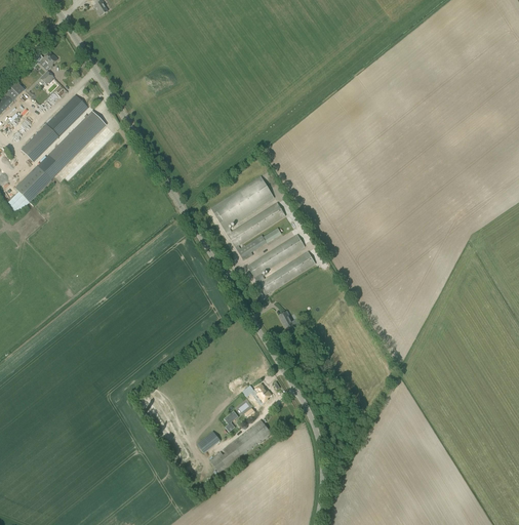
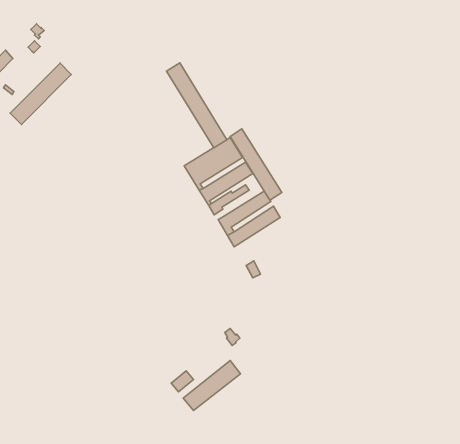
building: none -> [167,63,227,148]
building: [14,111,106,201] -> none
building: none -> [230,129,282,200]

